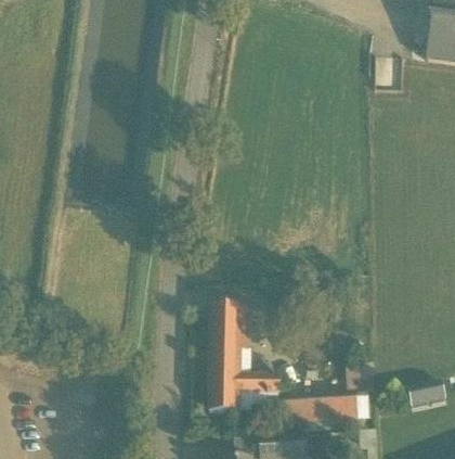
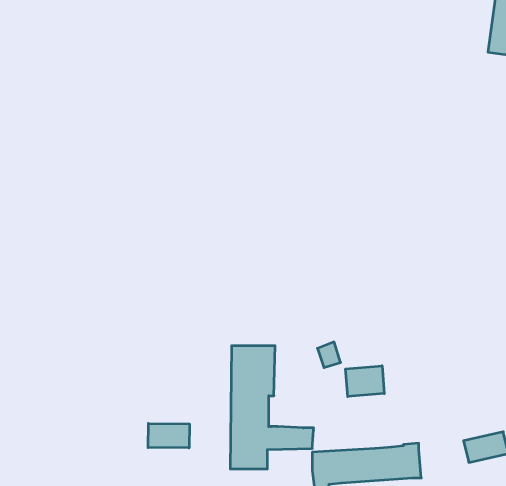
building: none -> [346,366,384,397]
building: none -> [148,423,189,448]

